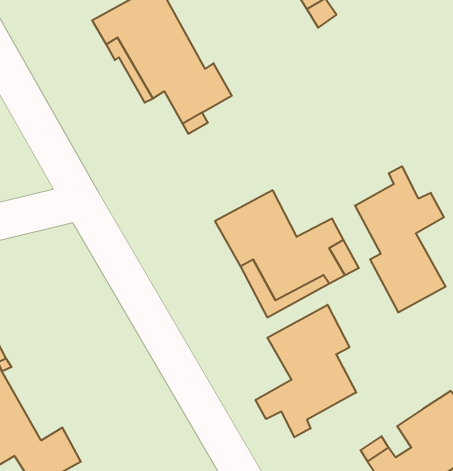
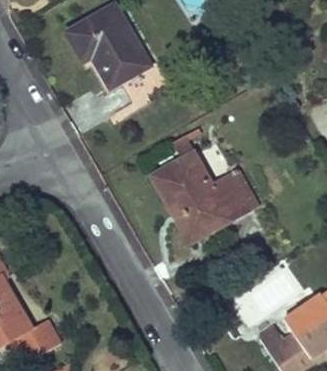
building: [355,166,446,312] -> none
building: [256,305,356,437] -> none

